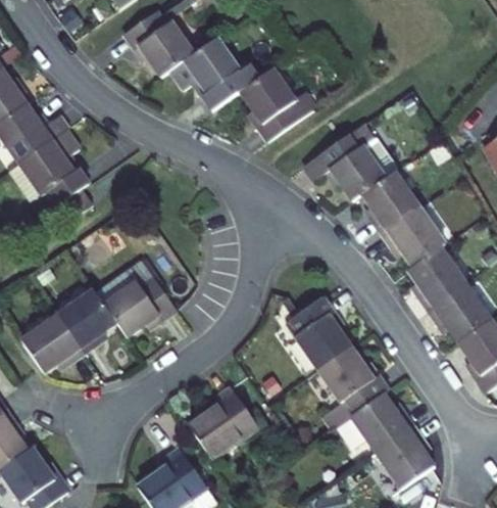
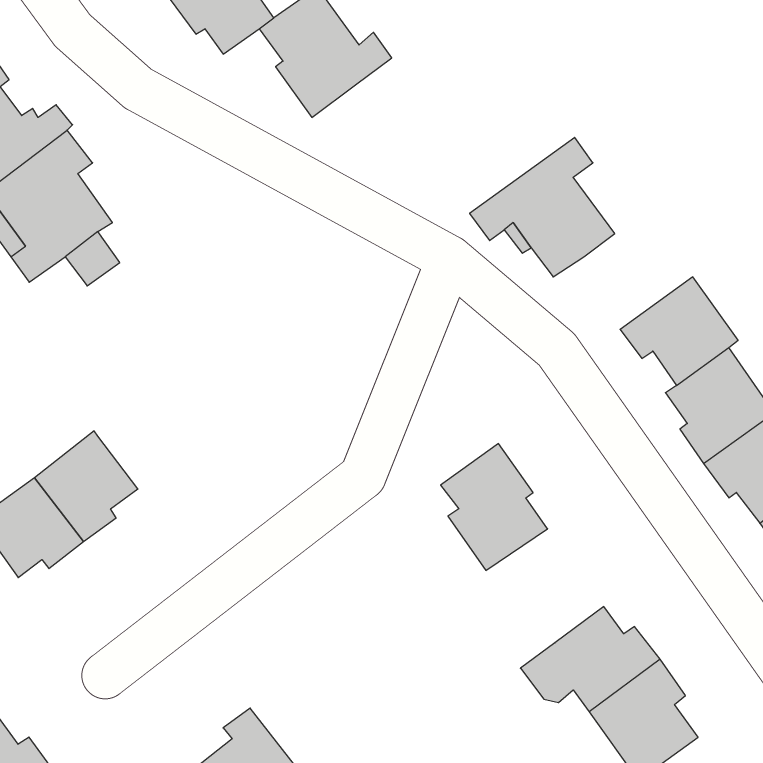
building: [235,70,310,145] -> none
building: [363,166,425,232] -> none
building: [90,261,171,338] -> none
building: [308,344,381,409] -> none
building: [187,383,257,457] -> none

